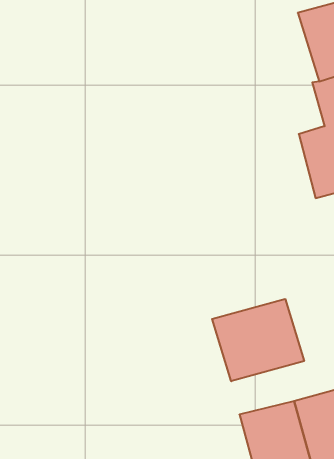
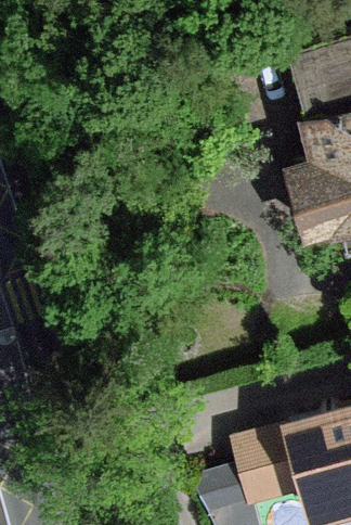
building: [212,299,304,381] -> none

